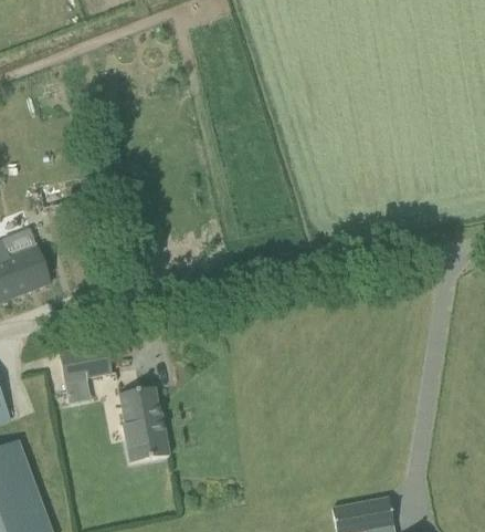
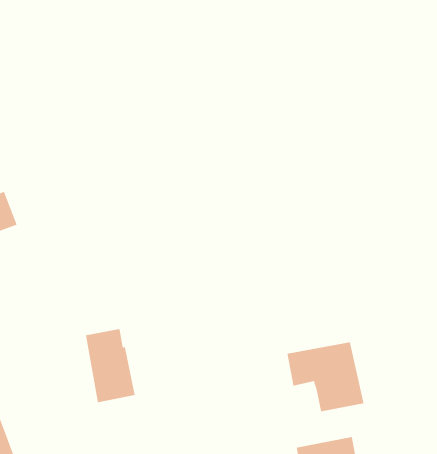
building: [59,343,112,385] -> none
building: none -> [287,341,364,412]

